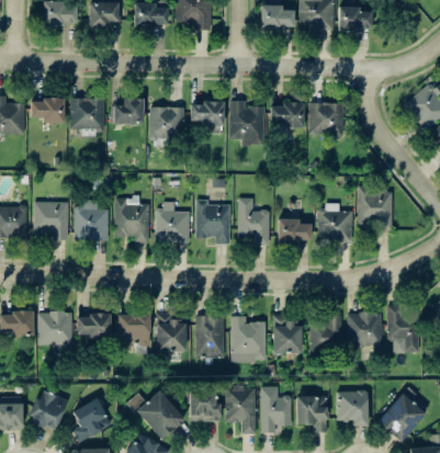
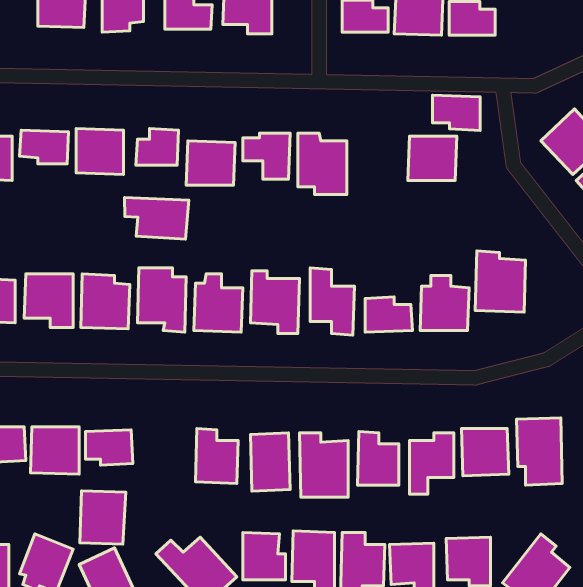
building: [270,103,304,128] -> [433,95,480,130]
building: none -> [125,197,189,239]
building: [117,314,150,352] -> [80,491,126,544]

